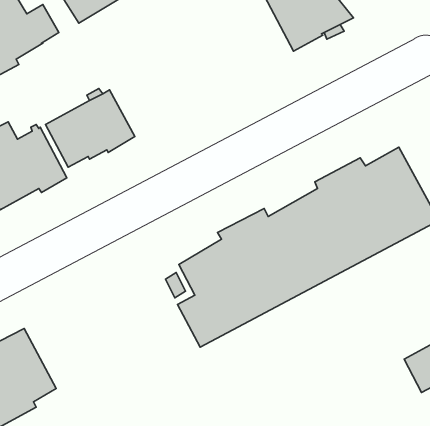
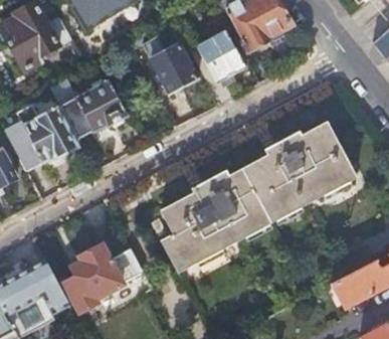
building: none -> [130,29,199,96]
building: none -> [198,33,246,105]
building: none -> [65,245,152,311]

